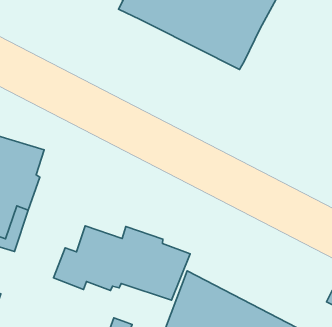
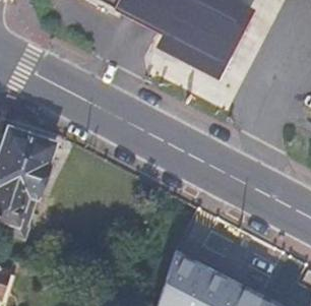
building: [54,226,190,300] -> none

